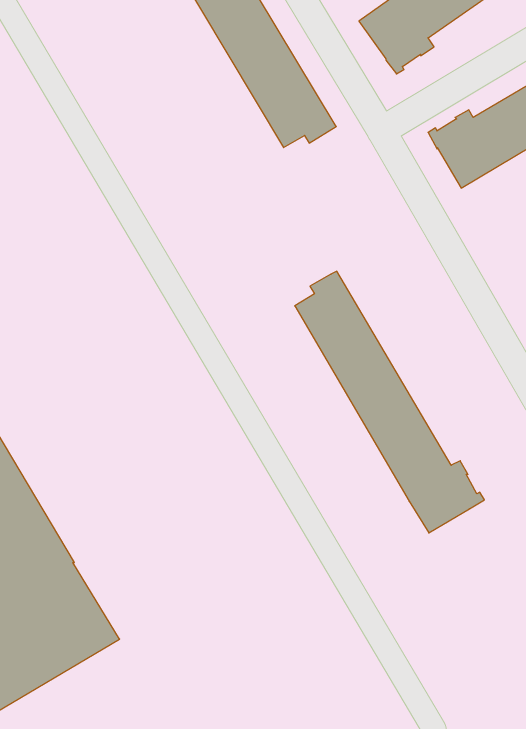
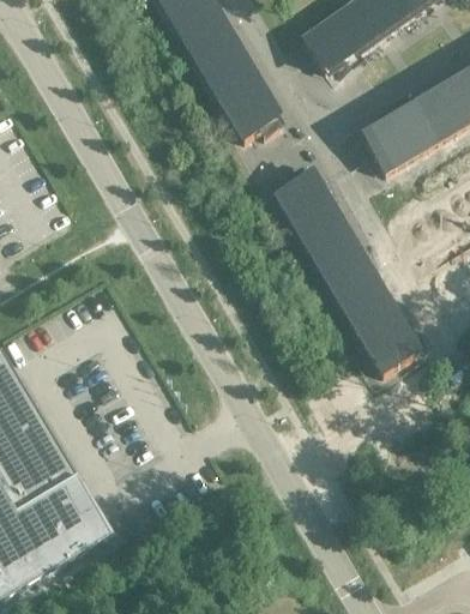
building: [295,271,484,533] -> [275,163,426,372]

